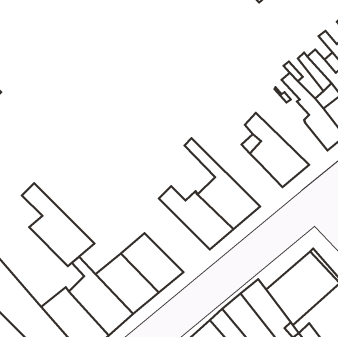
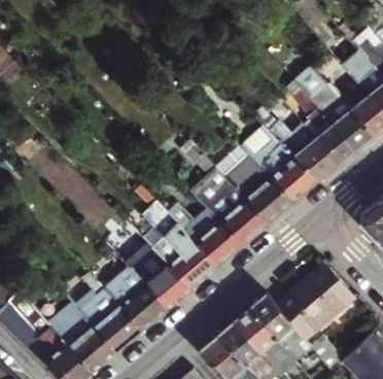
building: none -> [248,102,338,179]
building: none -> [201,145,292,221]
building: [22,183,95,266] -> [146,204,219,287]

